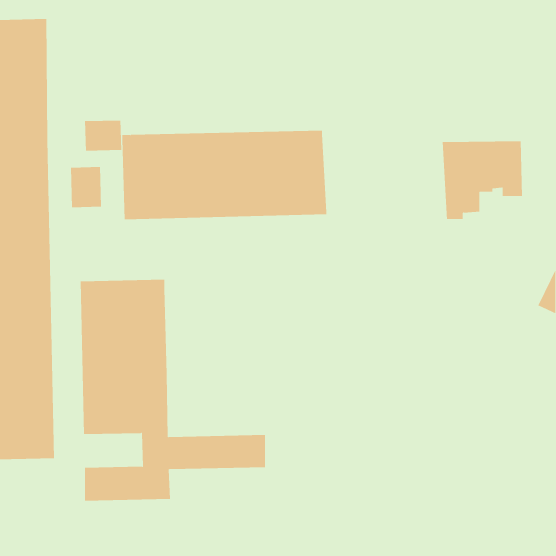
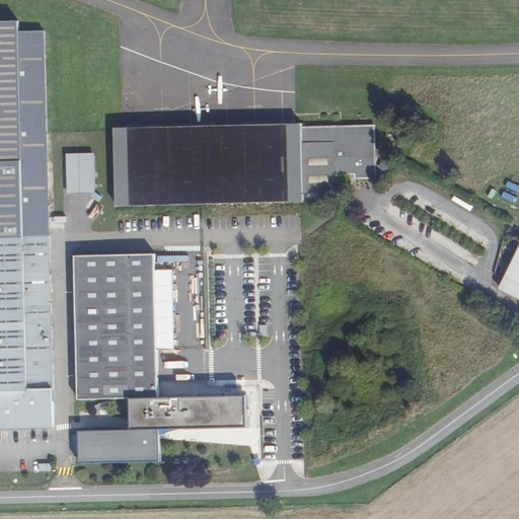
building: [85,120,122,151] -> none
building: [442,141,523,220] -> [299,124,374,197]
building: none -> [153,267,173,347]

